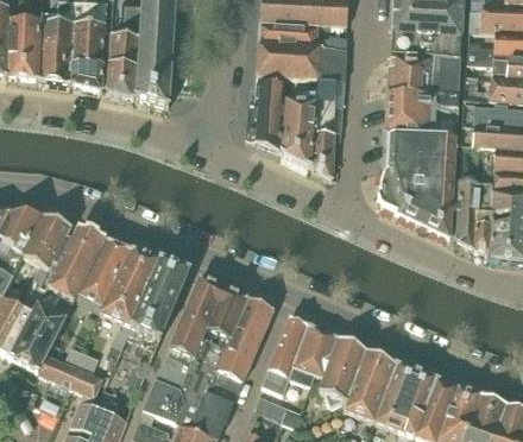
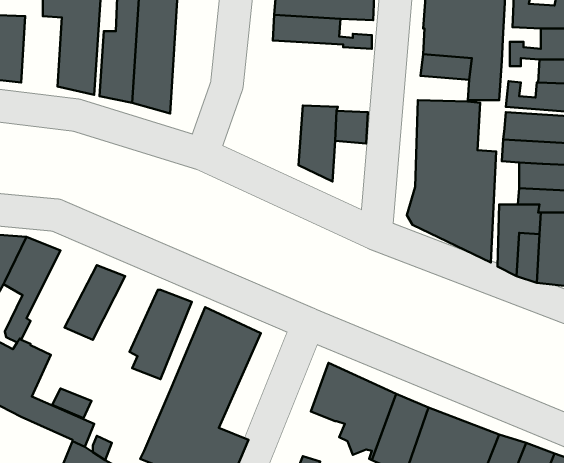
building: [39,12,75,81] -> none
building: [258,40,347,78] -> none
building: [387,71,433,94] -> none
building: [247,81,286,150] -> none
building: [313,128,342,175] -> none
building: [39,227,106,307] -> none
building: [99,247,159,347] -> none
building: [213,297,275,391] -> none
building: [264,315,315,392] -> none

